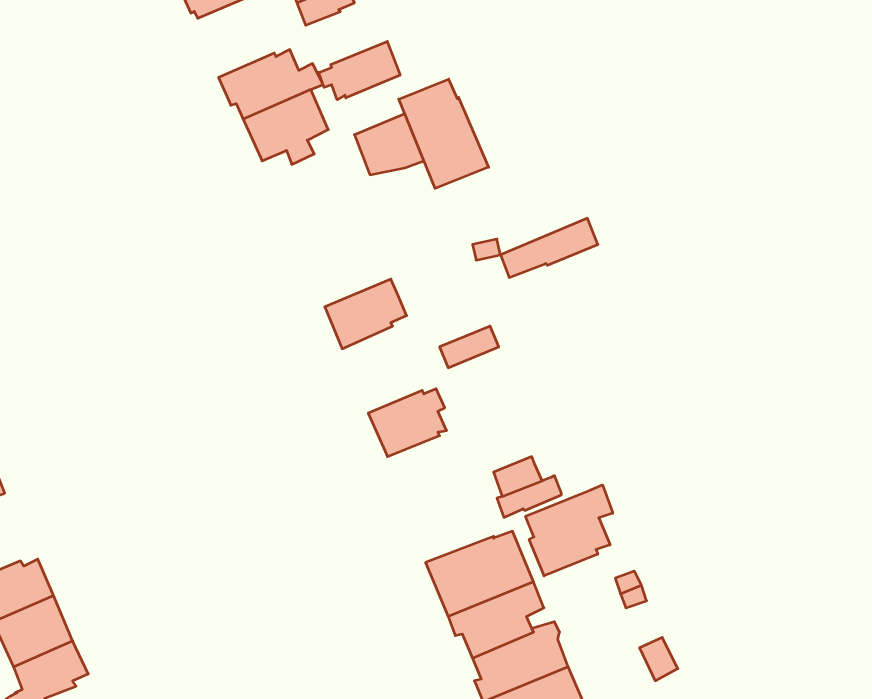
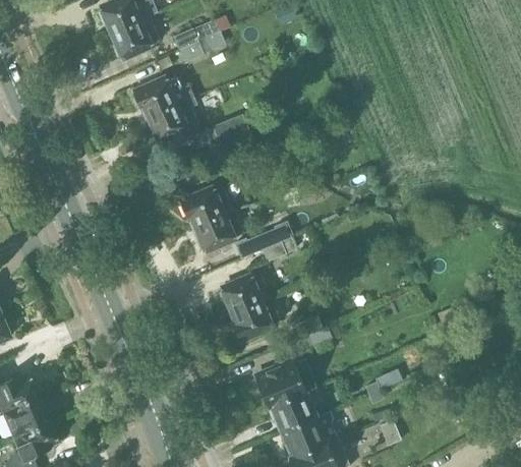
building: [319,41,400,100] -> none
building: [399,79,489,188] -> none
building: [500,218,598,277] -> [234,223,291,257]
building: none -> [180,184,233,227]
building: none -> [231,302,279,341]
building: [526,485,613,576] -> none

